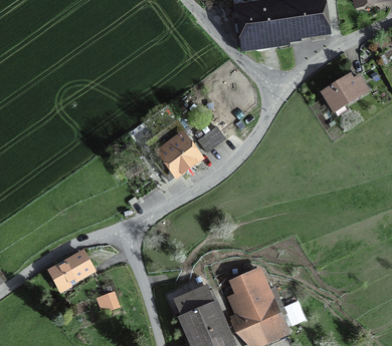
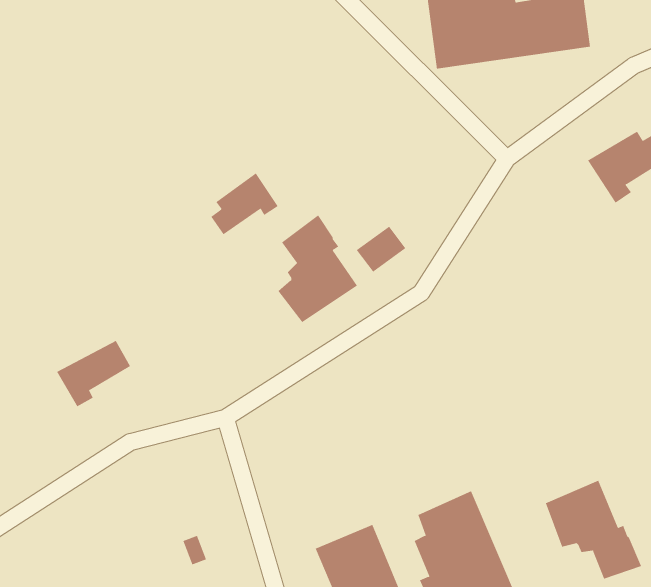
building: none -> [210,173,279,235]
building: [51,255,91,291] -> [56,340,131,407]
building: none -> [545,480,642,579]

